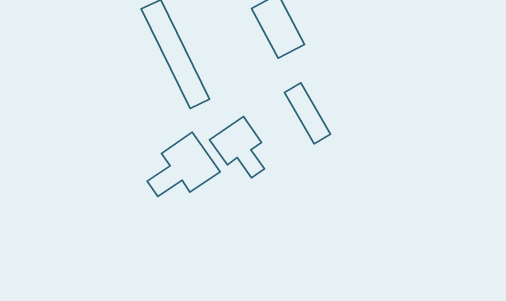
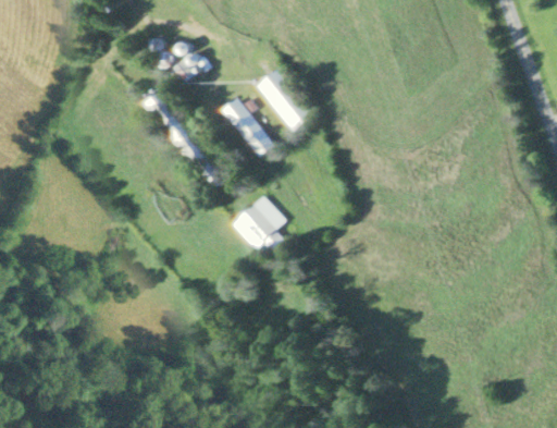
building: [285,83,330,144] -> [222,97,274,157]
building: [147,132,220,196] -> none

